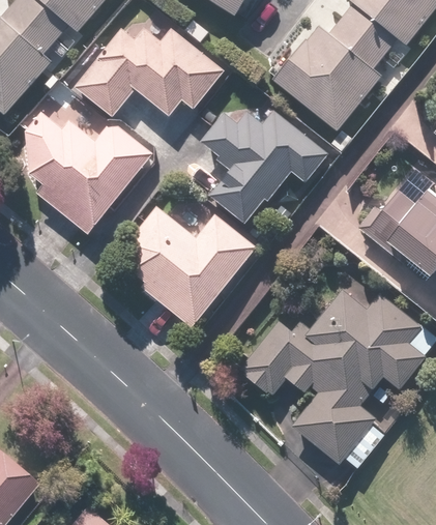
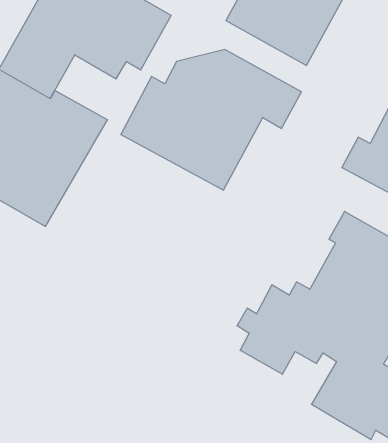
building: [126,201,256,329] -> none

